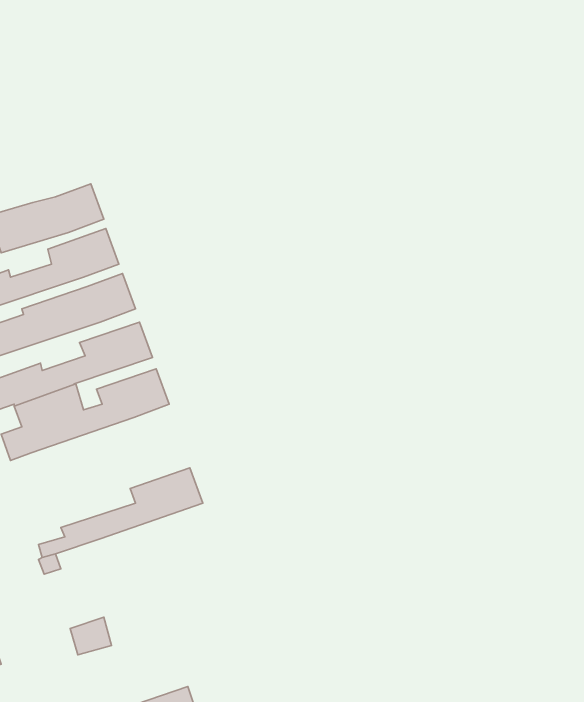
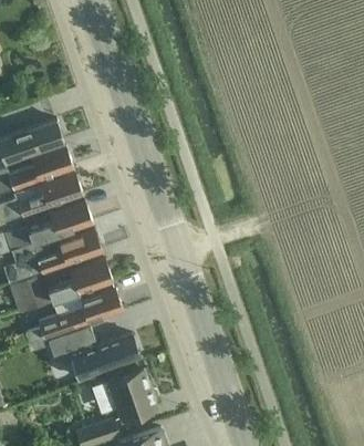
building: none -> [10,261,113,315]
building: none -> [48,328,139,378]
building: none -> [107,369,157,421]

